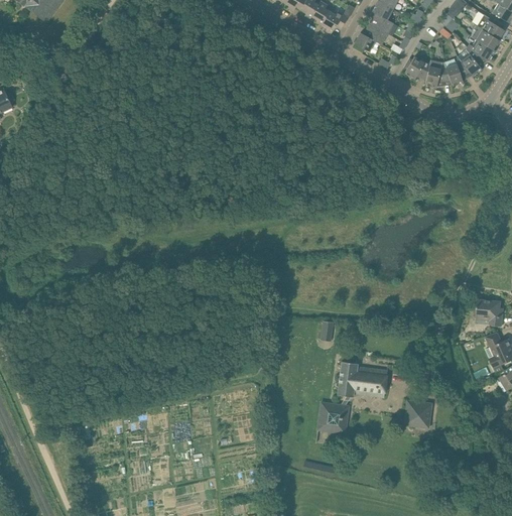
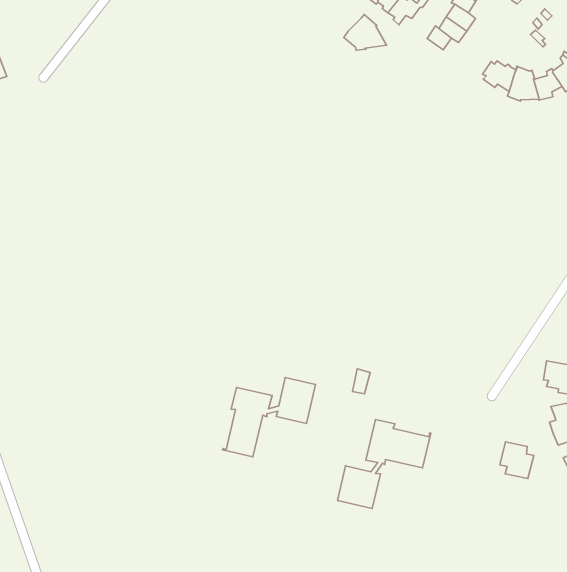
building: none -> [344,15,387,50]
building: none -> [223,377,316,457]
building: [404,399,431,427] -> [500,442,534,478]

